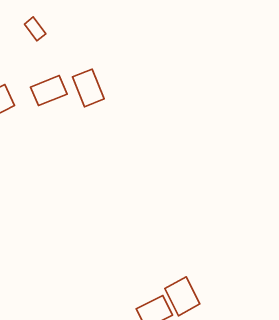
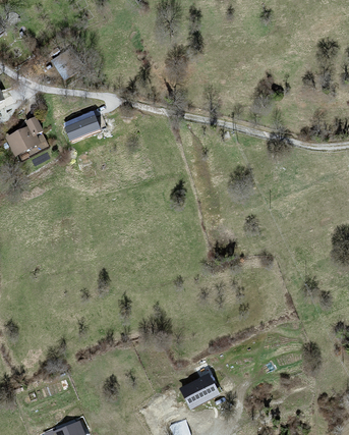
building: [73,69,104,107] -> none
building: [165,277,200,316] -> none

